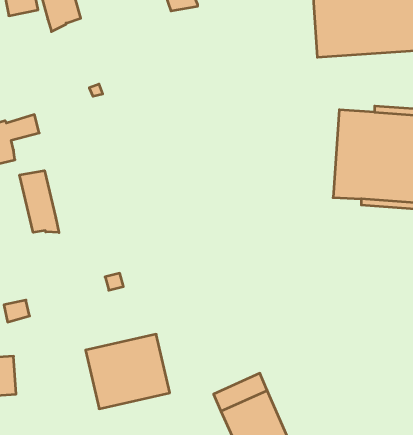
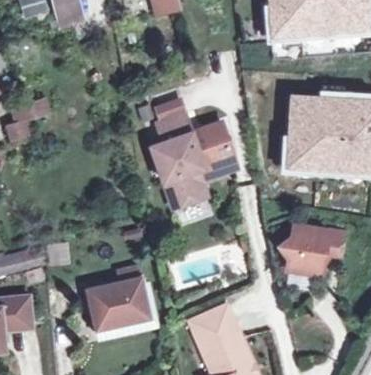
building: none -> [148,114,234,209]
building: [20,171,59,233] -> none
building: none -> [279,227,346,279]

